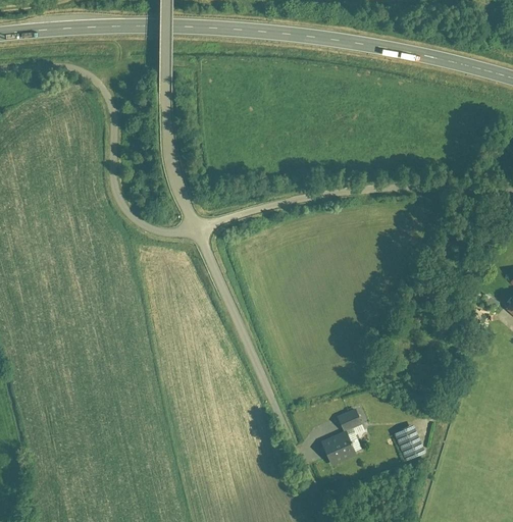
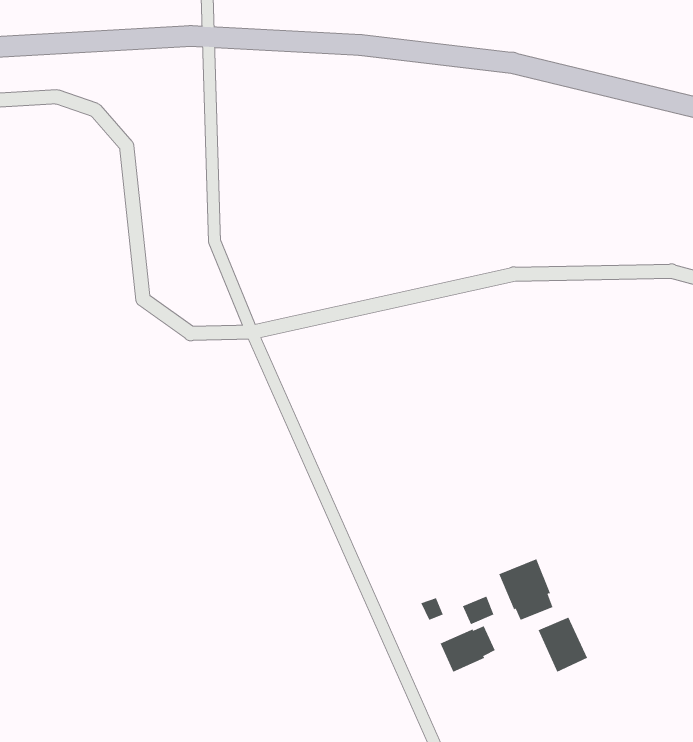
building: none -> [498,558,553,621]

